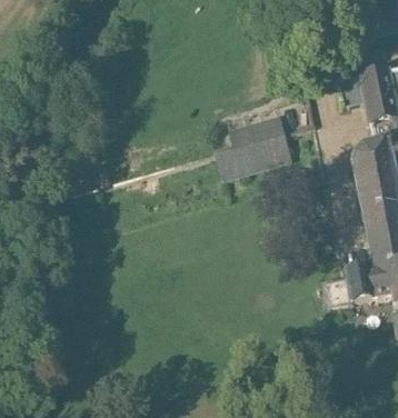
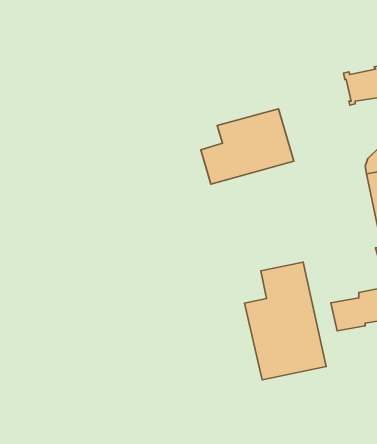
building: none -> [245,262,326,380]

